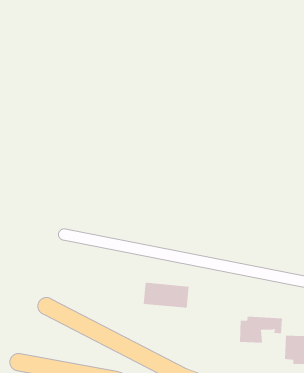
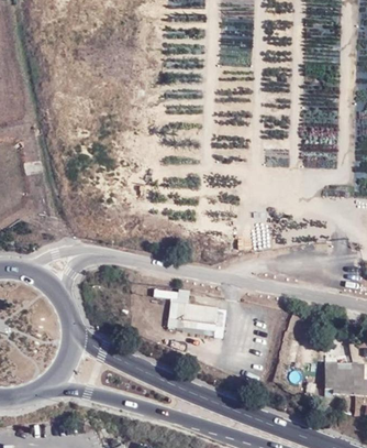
building: [239,316,283,343] -> none

